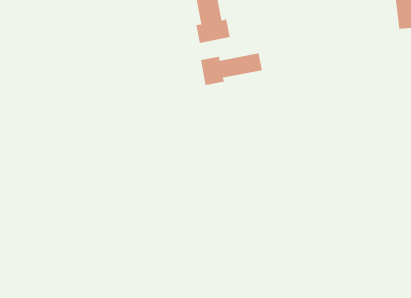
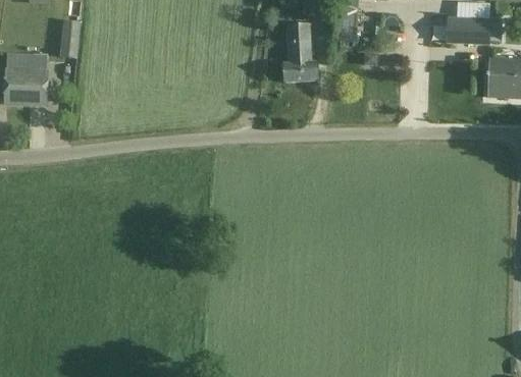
building: [200,53,262,86] -> none

